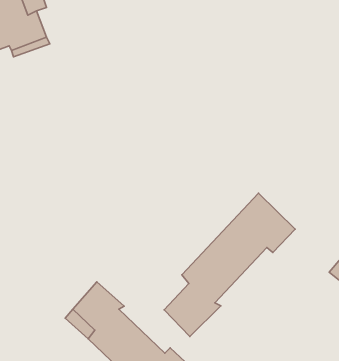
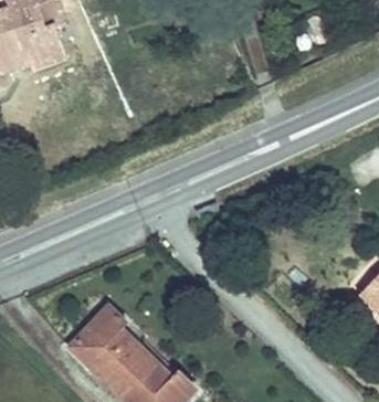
building: [164,193,295,337] -> none

